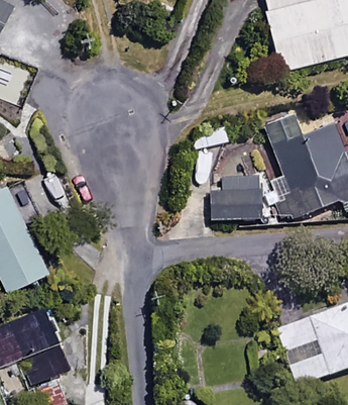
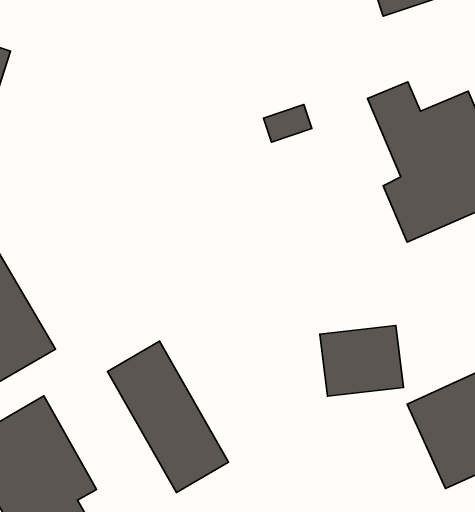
building: [210,178,262,221] -> [320,325,403,396]
building: none -> [107,341,229,492]

